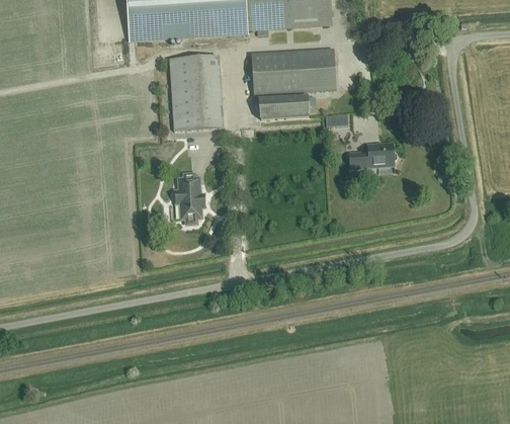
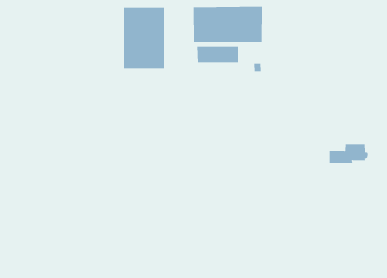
building: [349,143,396,168] -> [329,144,368,164]
building: [175,173,204,224] -> none

